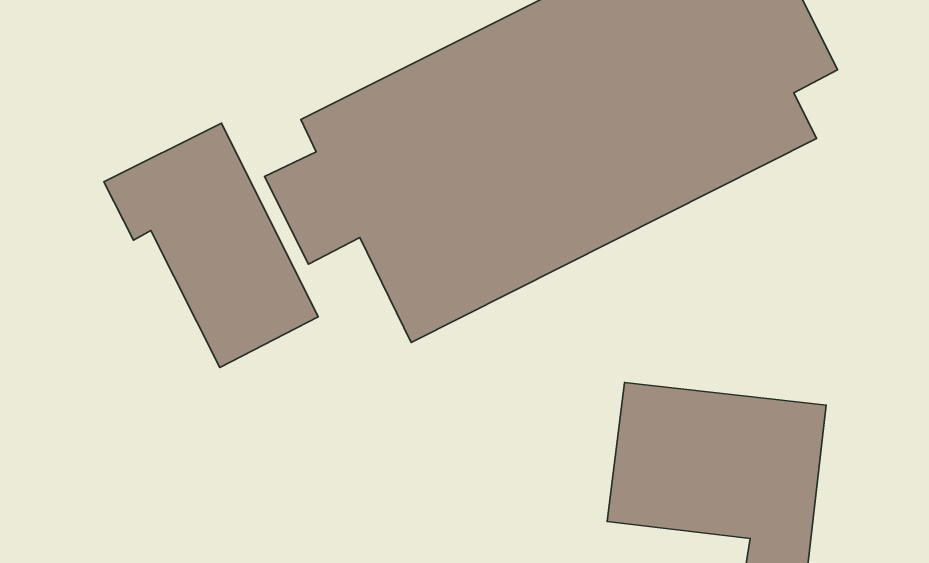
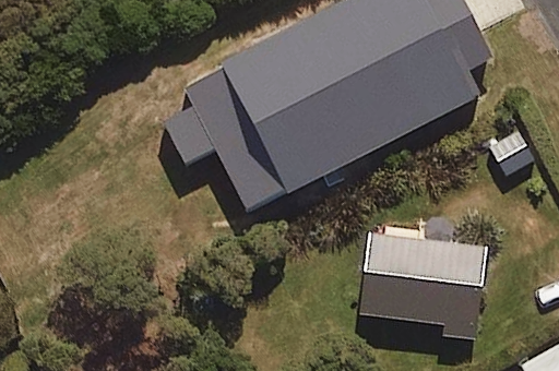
building: [104,123,318,367] -> none

